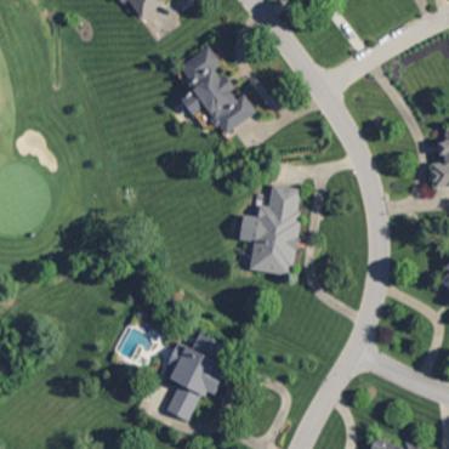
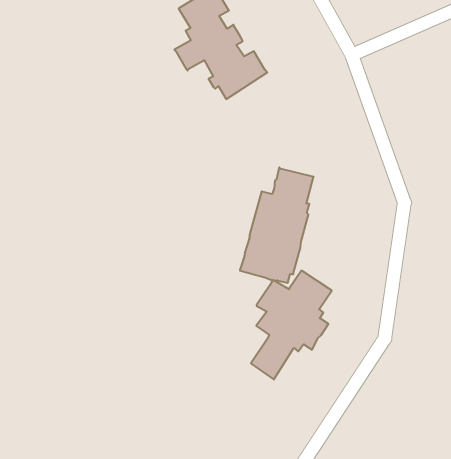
building: [166,333,224,421] -> [251,271,332,380]

